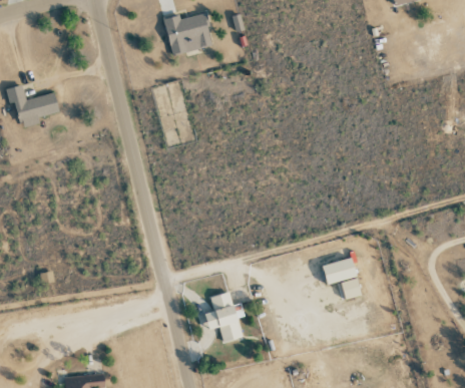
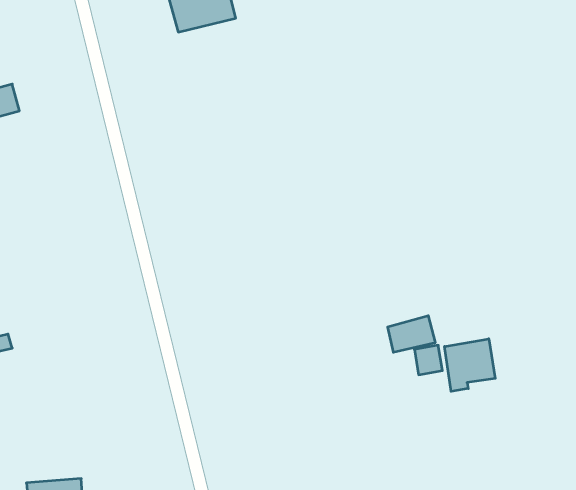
building: none -> [445,339,495,391]
building: [205,293,245,343] -> none

